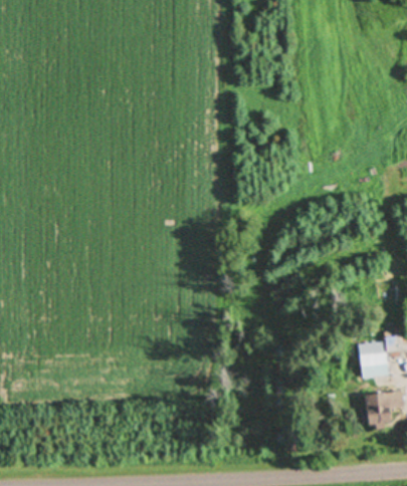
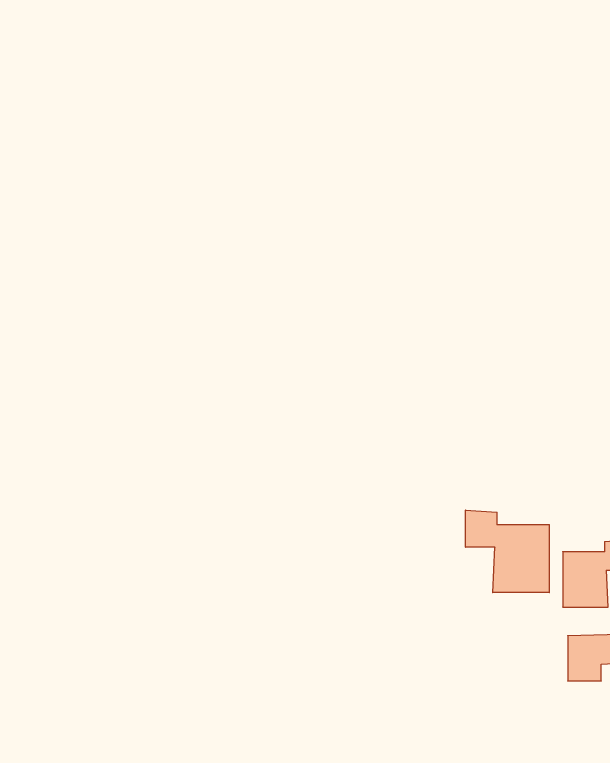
building: none -> [466,510,549,593]

